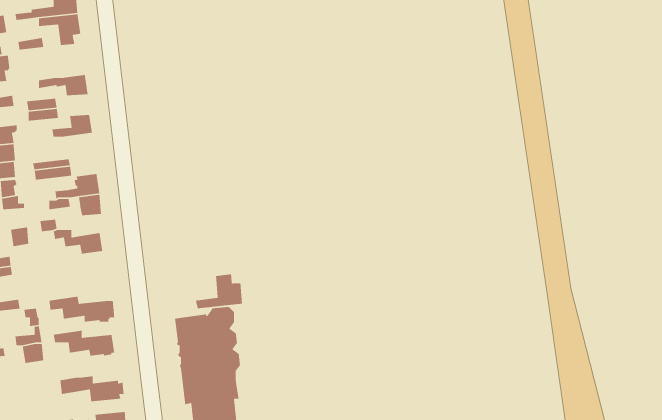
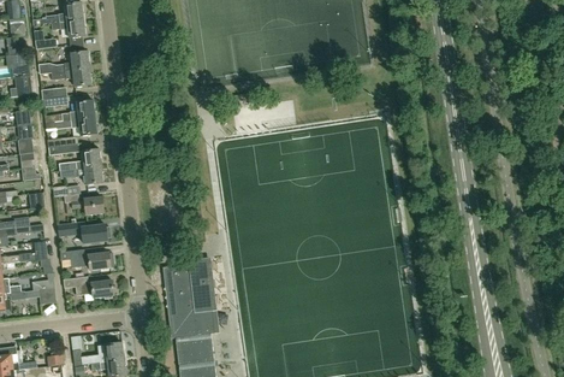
building: none -> [37,43,89,73]
building: none -> [44,116,99,135]
building: [195,274,243,309] -> none
building: [60,375,125,402] -> [57,220,109,242]

